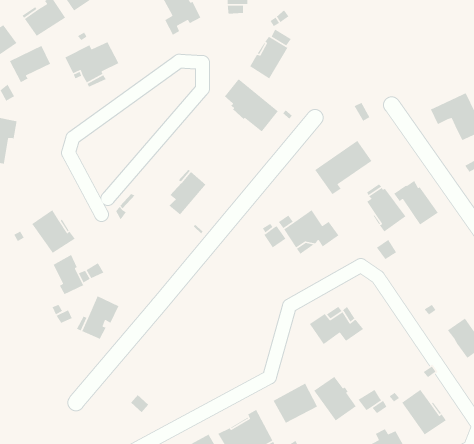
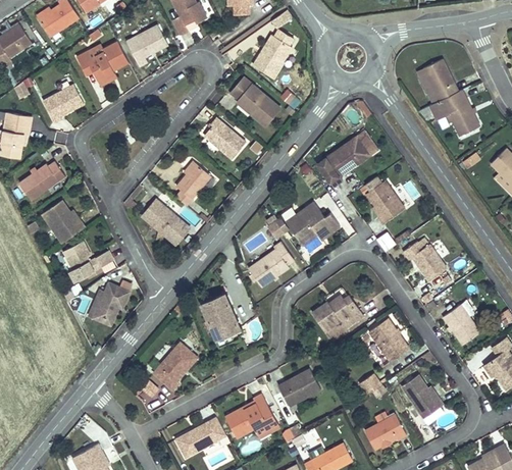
building: none -> [126,22,169,64]
building: [9,45,51,83] -> [46,86,87,122]
building: none -> [415,58,458,103]
building: none -> [205,117,246,158]
building: none -> [21,162,68,201]
building: [393,180,439,226] -> [404,238,448,281]
building: none -> [143,200,189,245]
building: none -> [248,242,294,286]
building: none -> [199,292,241,341]
building: none -> [152,341,198,390]
building: [313,376,357,421] -> [367,317,409,361]

